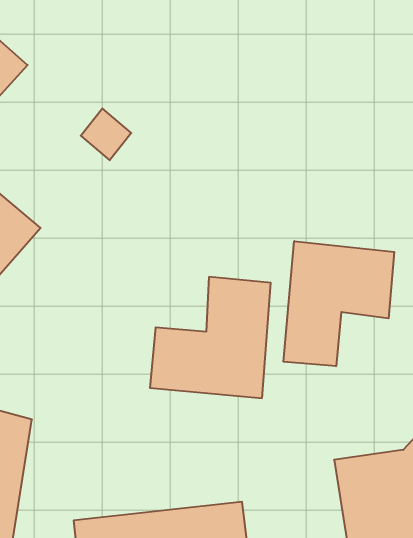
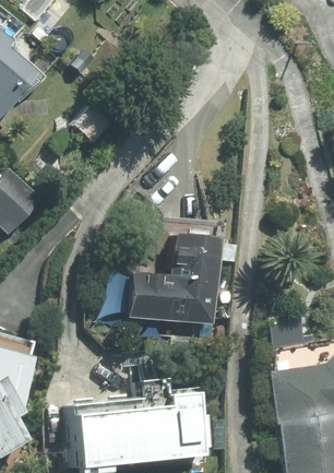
building: [283,241,394,366] -> none

